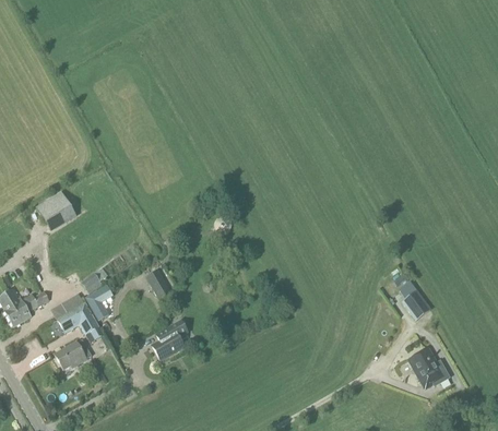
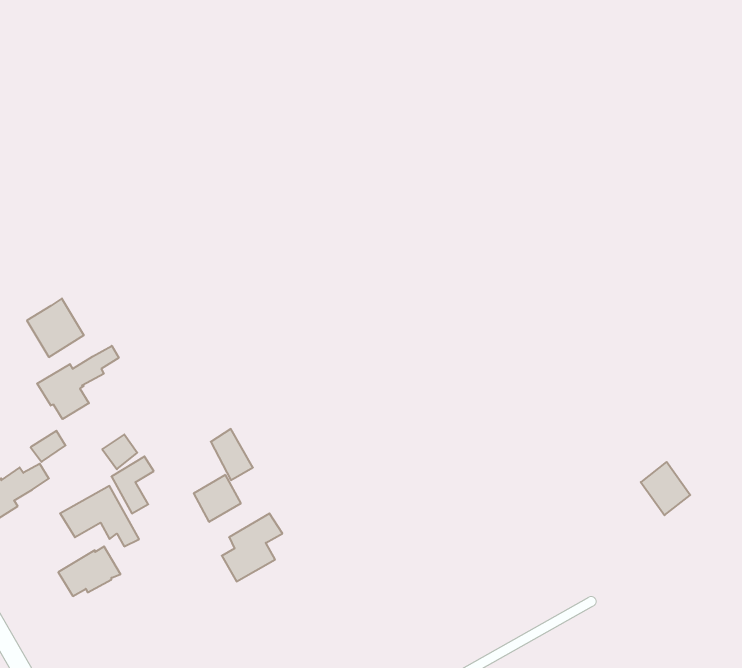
building: none -> [37,346,119,419]
building: none -> [194,475,241,522]
building: [408,348,450,386] -> none

